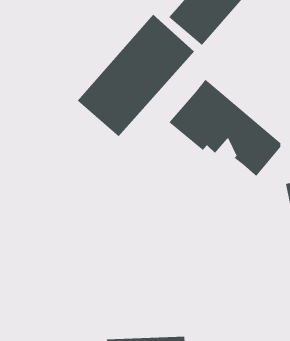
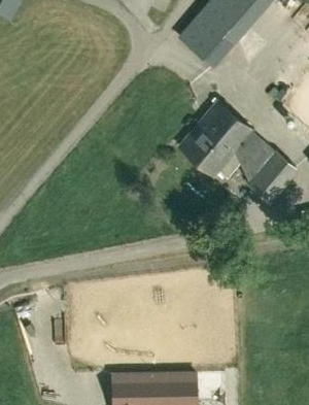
building: [77,14,195,137] -> none

